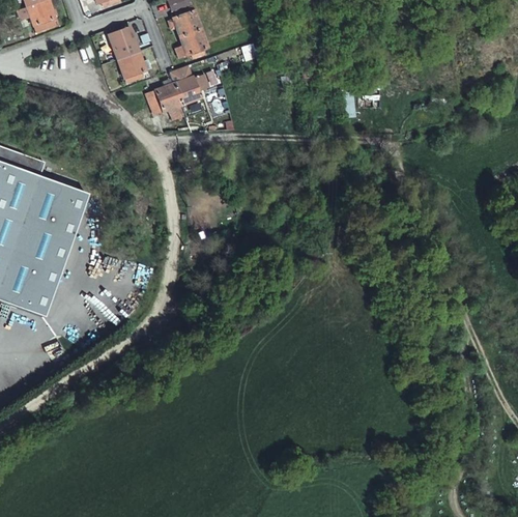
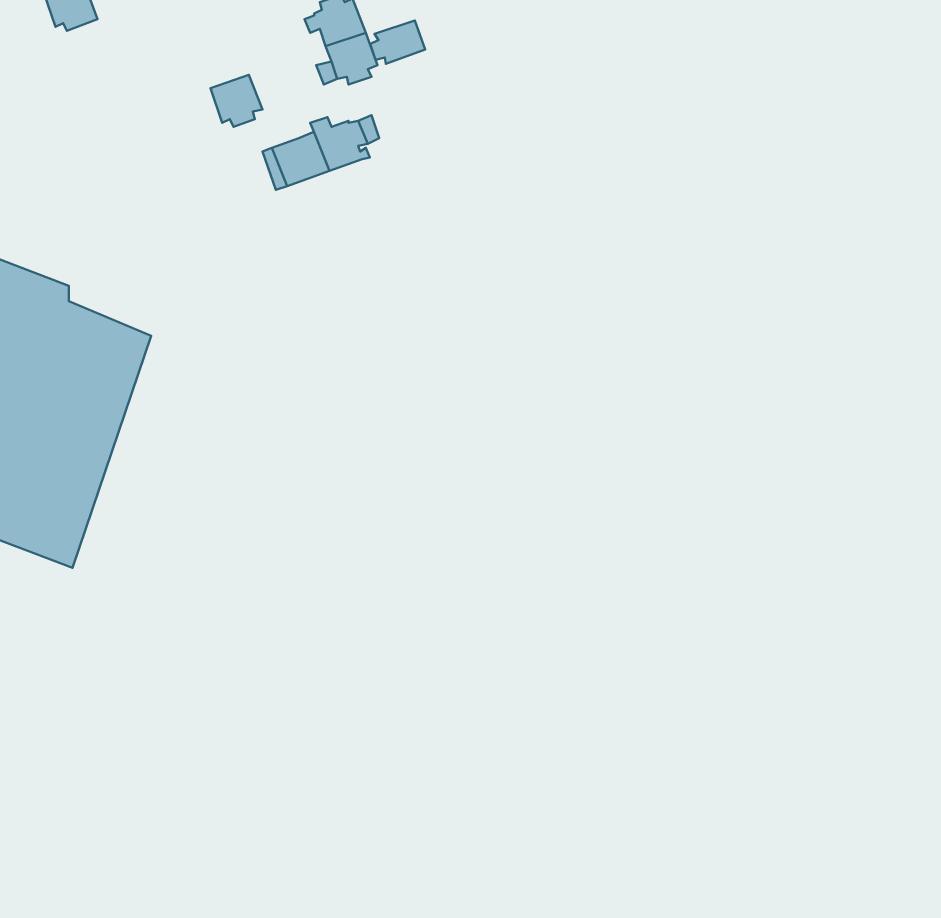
building: none -> [370,21,425,64]
building: [110,28,139,59] -> none

